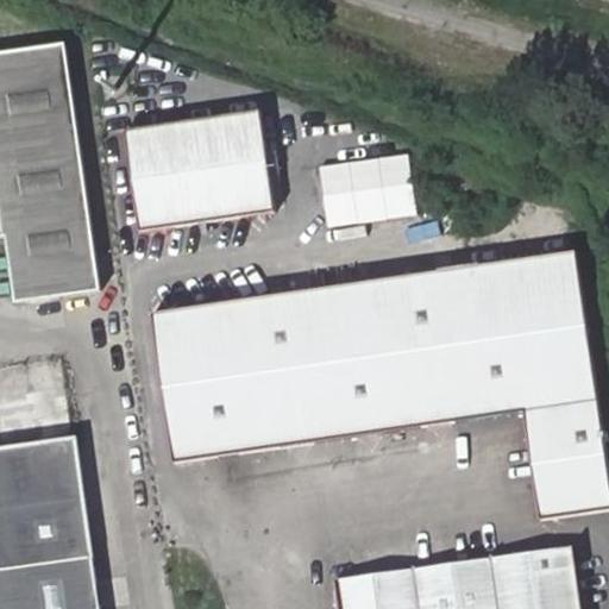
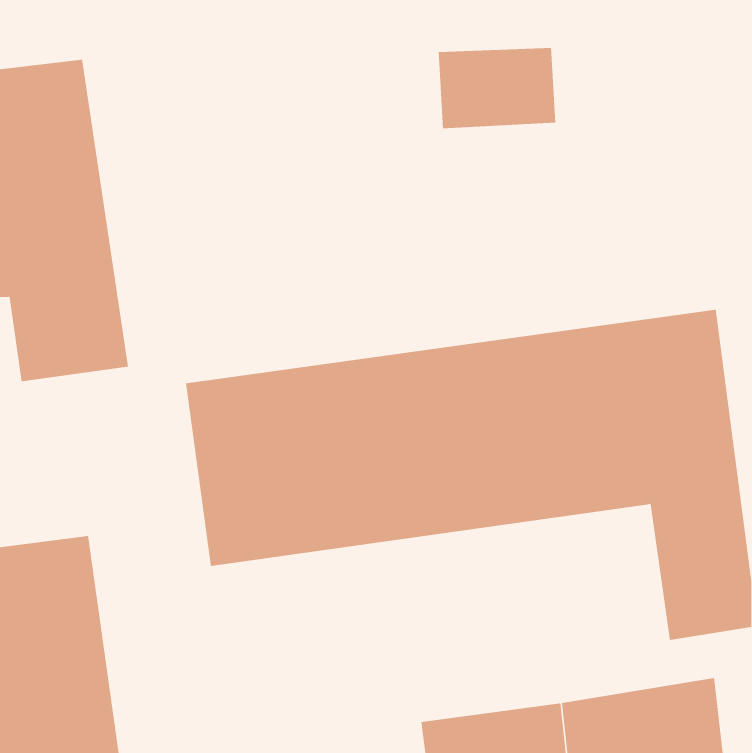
building: [123,108,272,230] -> none
building: [314,155,409,220] -> [438,47,556,129]

